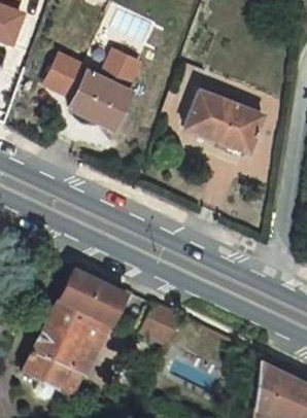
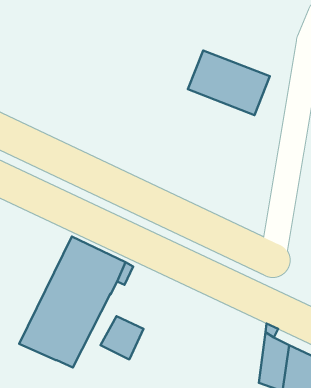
building: [44,50,139,130] -> none
building: [140,304,181,345] -> [101,316,143,359]

